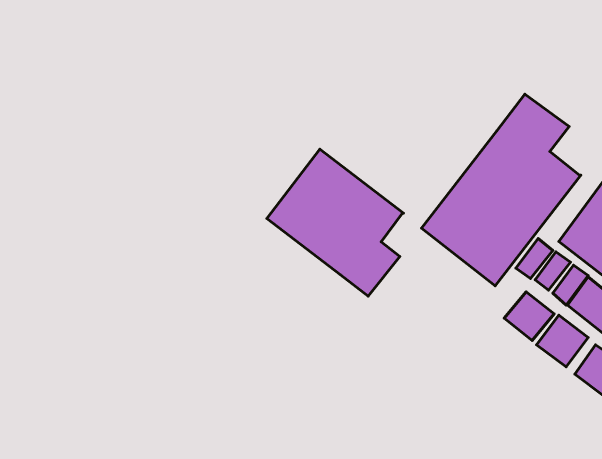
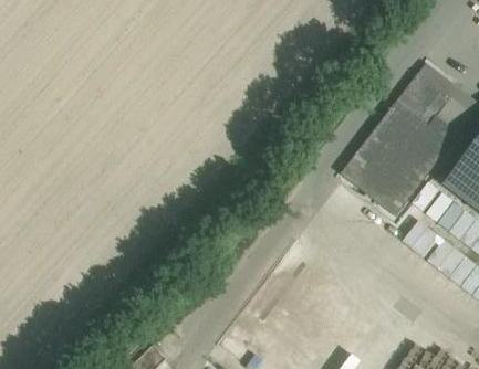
building: [267,149,403,296] -> none

